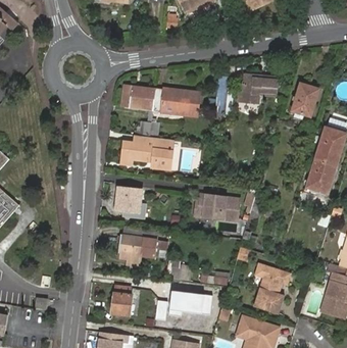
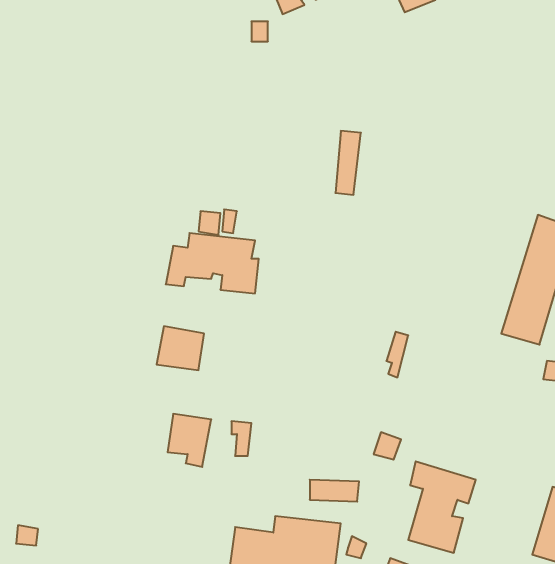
building: [239,72,278,96] -> none
building: [292,83,319,114] -> none
building: [129,86,199,116] -> none
building: [192,192,238,218] -> none
building: [110,285,132,314] -> none

